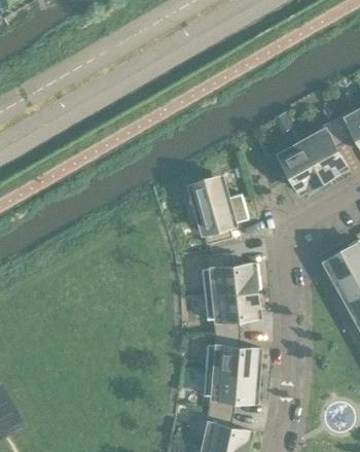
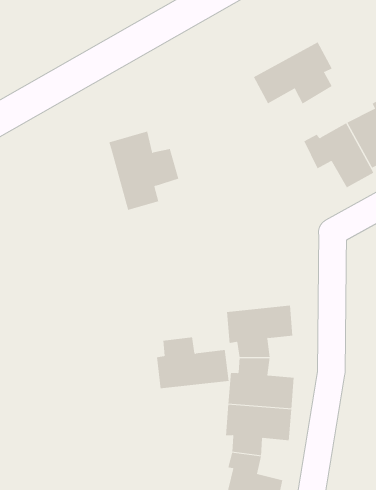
building: none -> [253,42,333,104]
building: [190,180,248,245] -> [109,131,179,210]
building: [201,253,260,295] -> [156,337,229,389]

